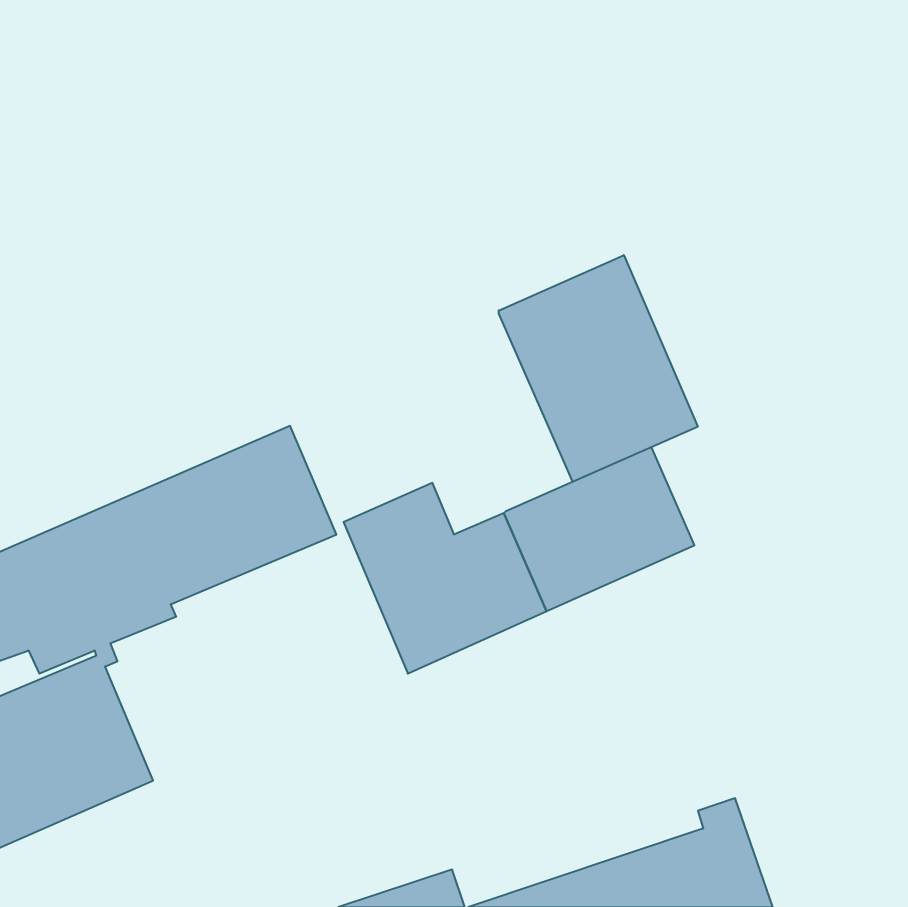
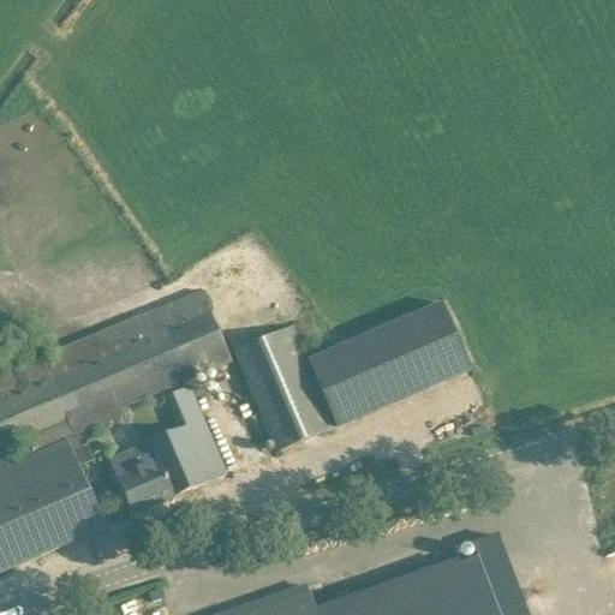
building: [499,255,698,482] -> none
building: none -> [108,386,225,515]

